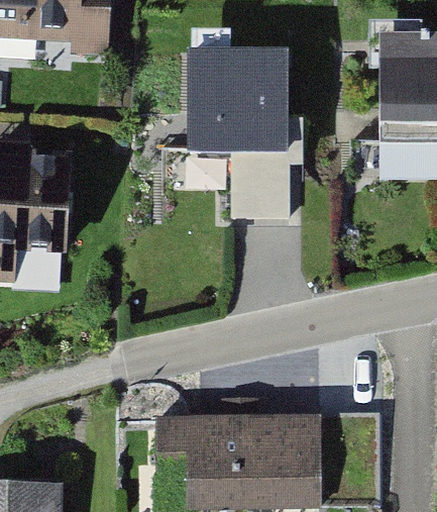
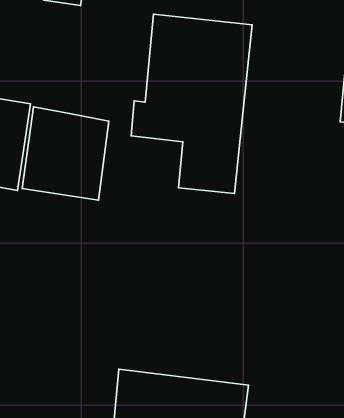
building: none -> [22,107,109,200]

